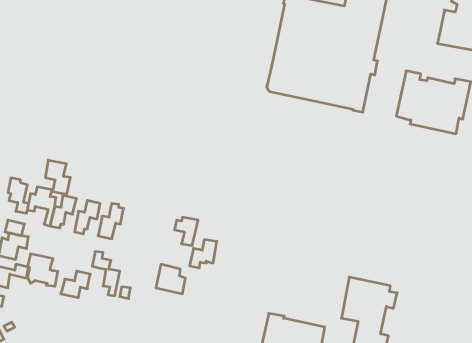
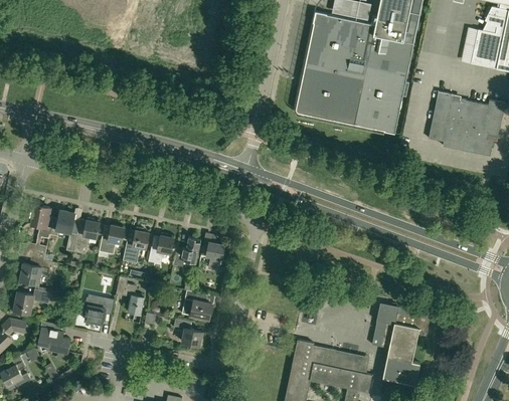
building: [46,160,70,195] -> none
building: none -> [149,234,174,264]
building: [190,240,217,268] -> [173,238,201,267]
building: [28,254,58,286] -> [39,322,70,355]
building: none -> [174,320,202,347]

